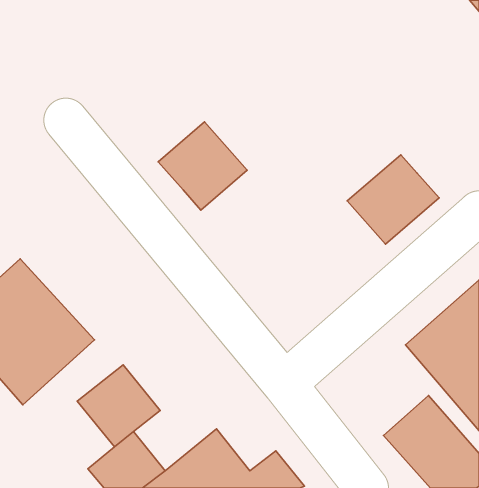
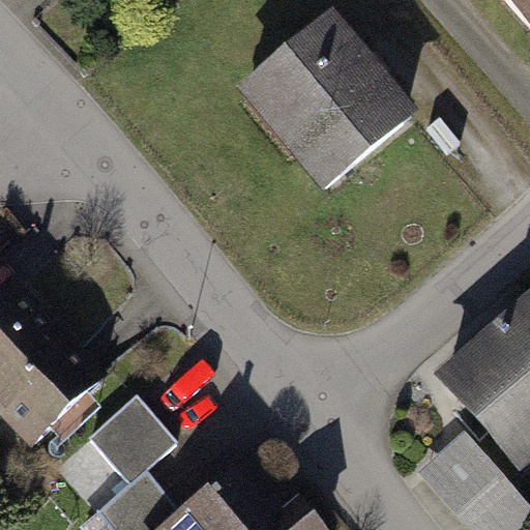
building: none -> [241,17,420,197]
building: [158,122,247,210] -> none
building: [347,155,439,244] -> none

